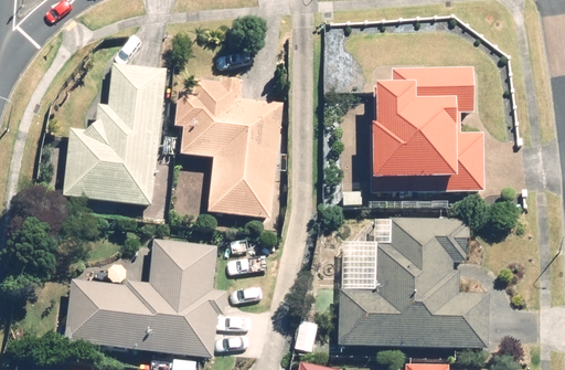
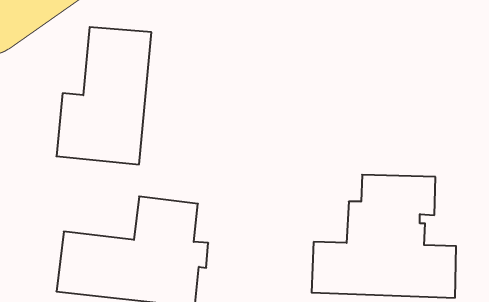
building: [372,67,483,195] -> none
building: [174,77,280,218] -> none

